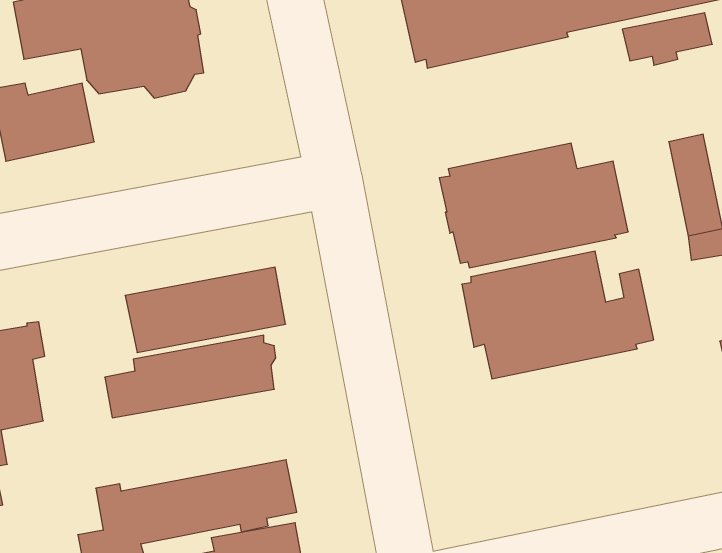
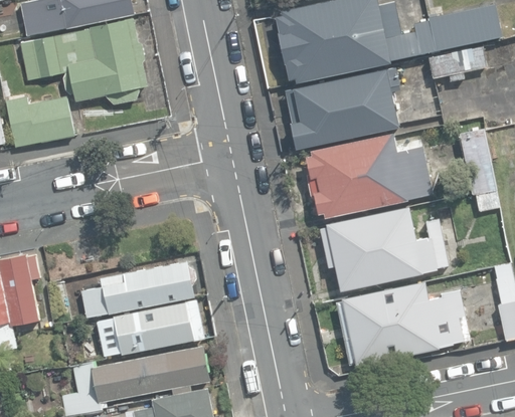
building: none -> [286,67,399,149]
building: [125,267,286,353] -> [97,299,204,357]
building: none -> [339,285,468,368]

